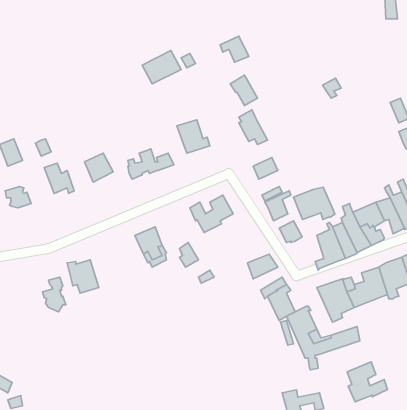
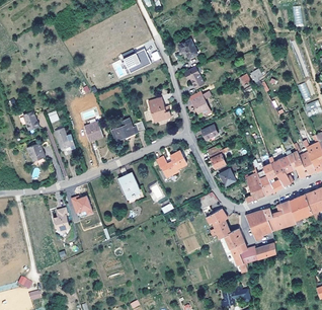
building: [293,187,335,219] -> none
building: [347,362,388,402] -> none

